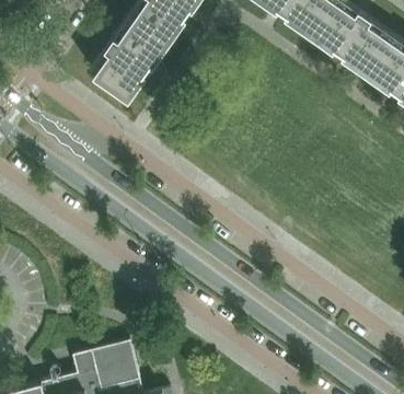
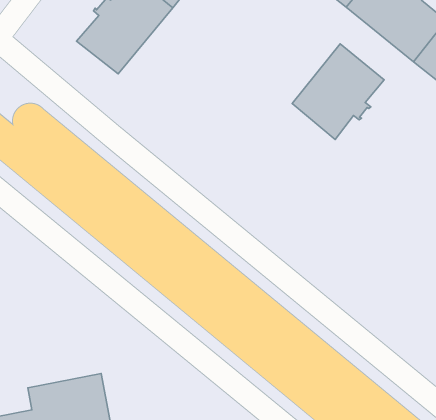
building: none -> [292,44,384,139]

